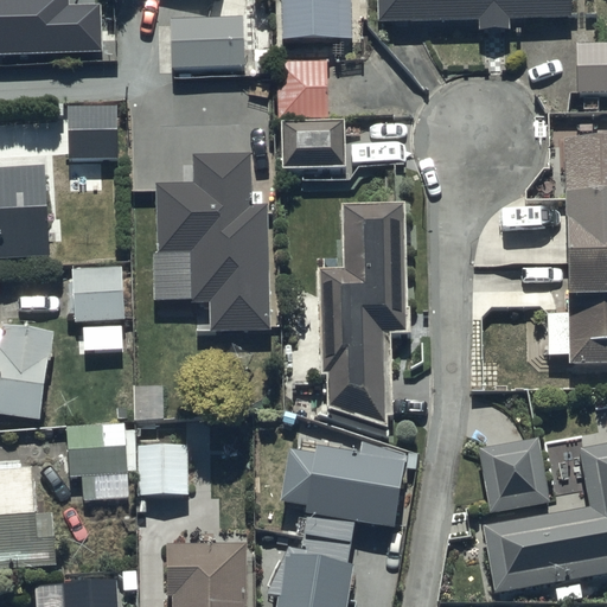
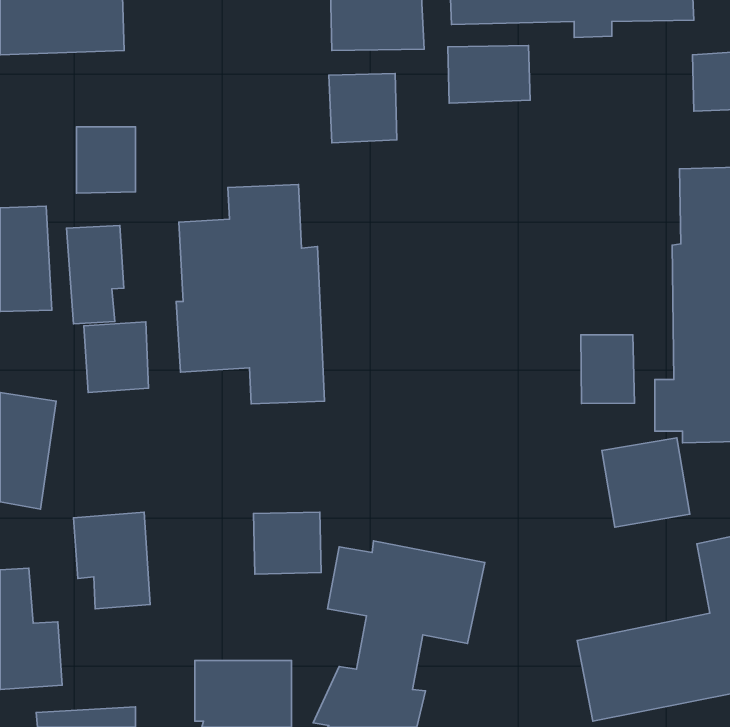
building: [168,14,249,72] -> none
building: [279,122,346,170] -> [448,45,530,103]
building: none -> [67,225,124,324]
building: [317,204,403,428] -> none
building: none -> [581,335,635,403]
building: [478,437,550,511] -> [602,438,690,527]
building: [138,443,193,494] -> [253,512,321,574]

